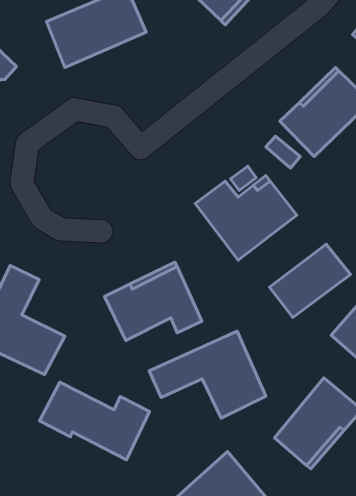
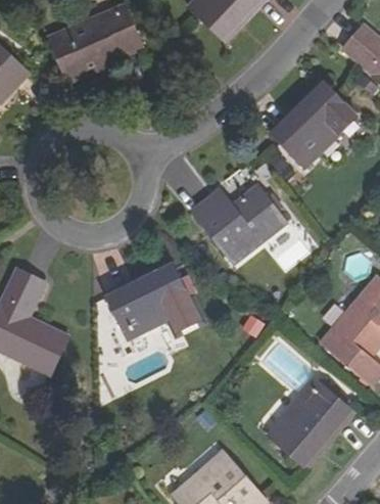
building: [270,244,351,318] -> none
building: [149,331,266,418] -> none
building: [39,382,150,460] -> none

